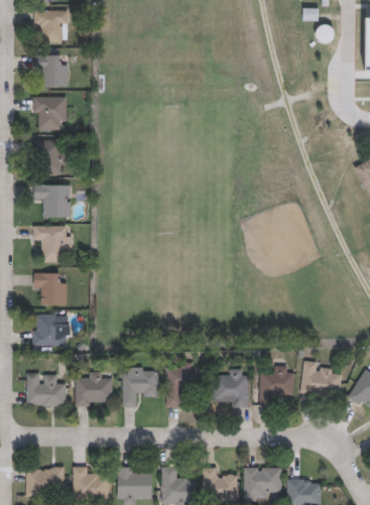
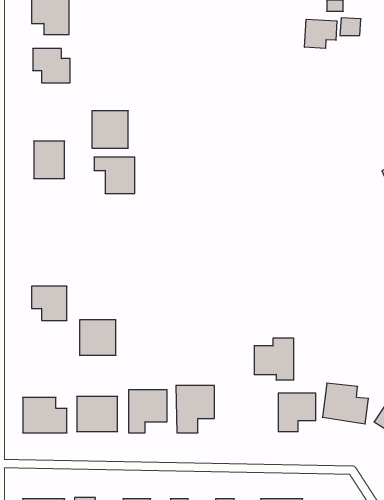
building: none -> [305,19,337,48]
building: [33,95,67,129] -> [92,111,128,148]
building: [33,183,71,217] -> [94,157,135,193]
building: [33,225,72,262] -> none
building: [32,313,66,346] -> [80,320,116,355]
building: [212,369,248,407] -> [254,338,294,380]

